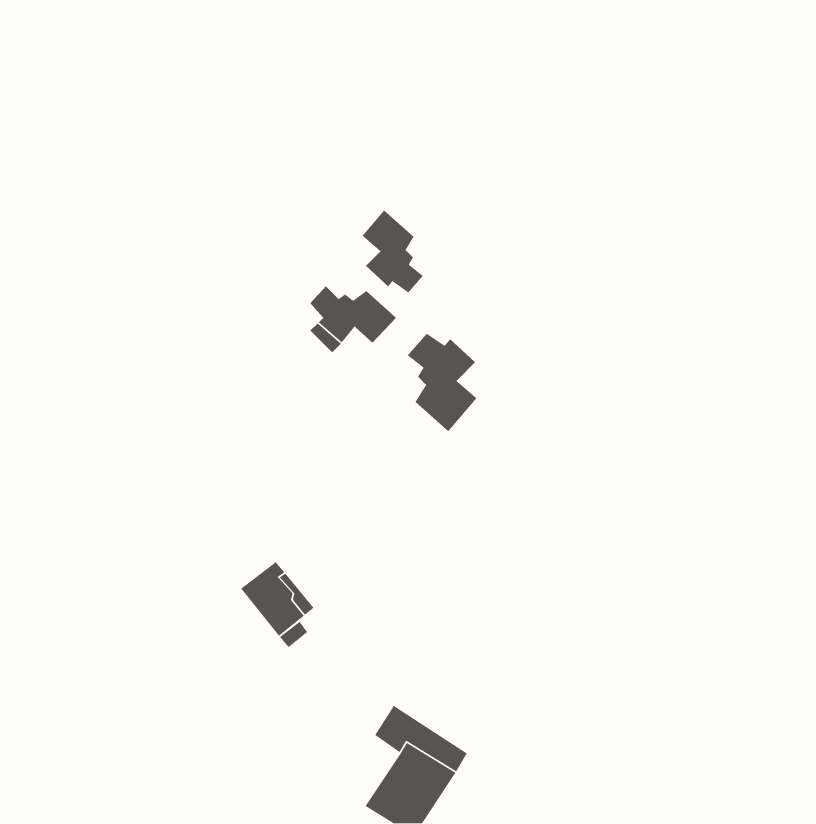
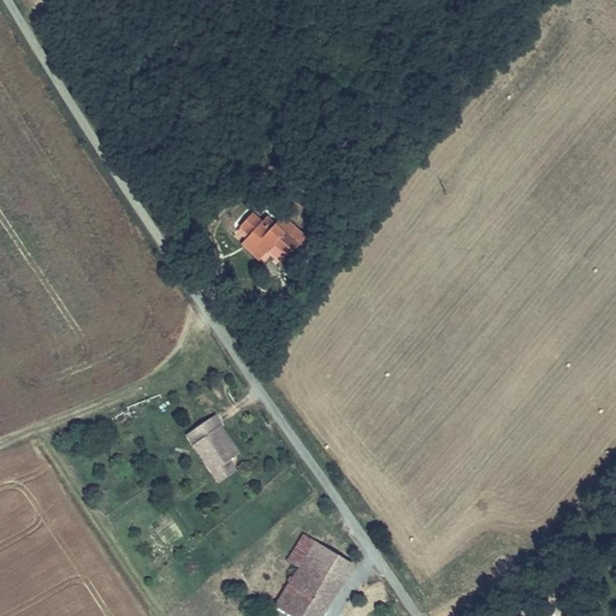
building: [361,209,424,293] -> none
building: [407,333,477,432] -> none

